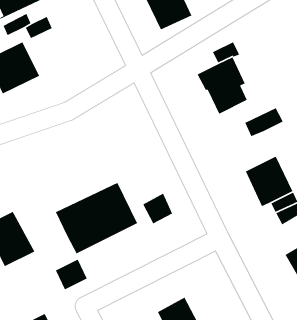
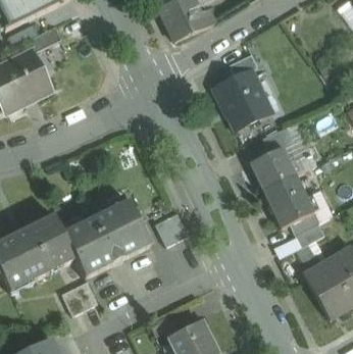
building: none -> [250,148,296,190]
building: none -> [19,213,75,274]

